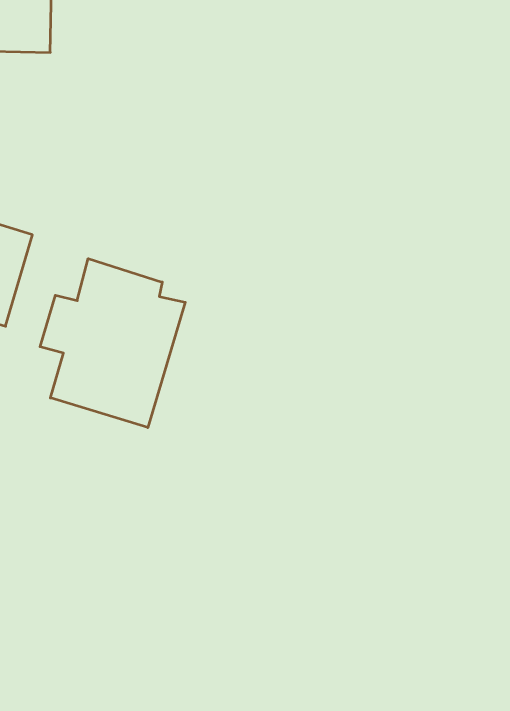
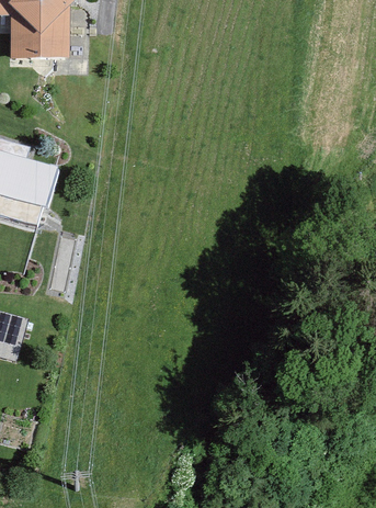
building: [40,259,185,428] -> none

